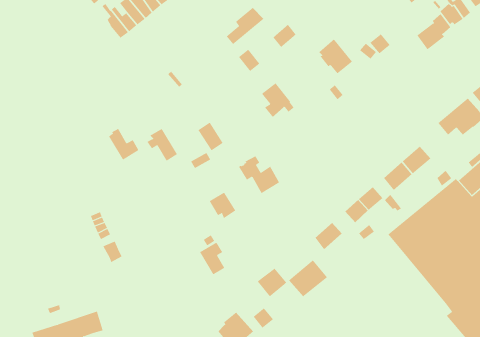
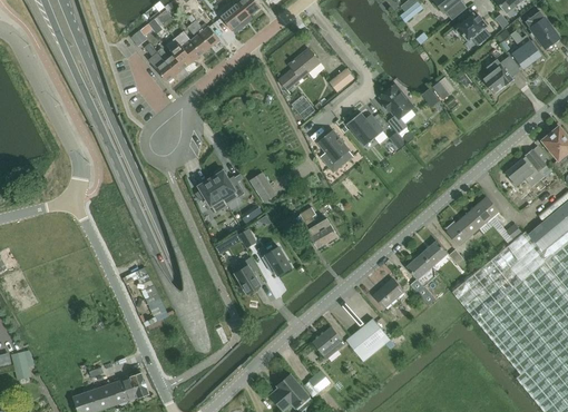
building: none -> [346,112,384,146]
building: [108,128,139,163] -> [212,169,245,206]
building: none -> [216,226,259,252]
building: [199,242,225,275] -> [233,257,261,293]

